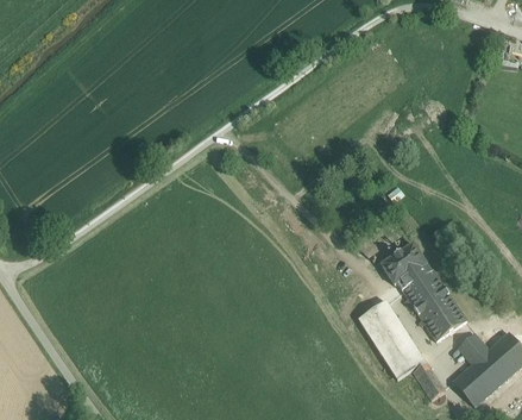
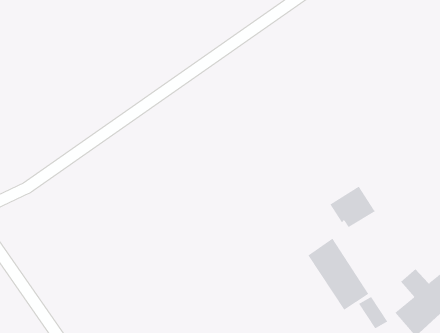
building: [401,268,465,339] -> none

